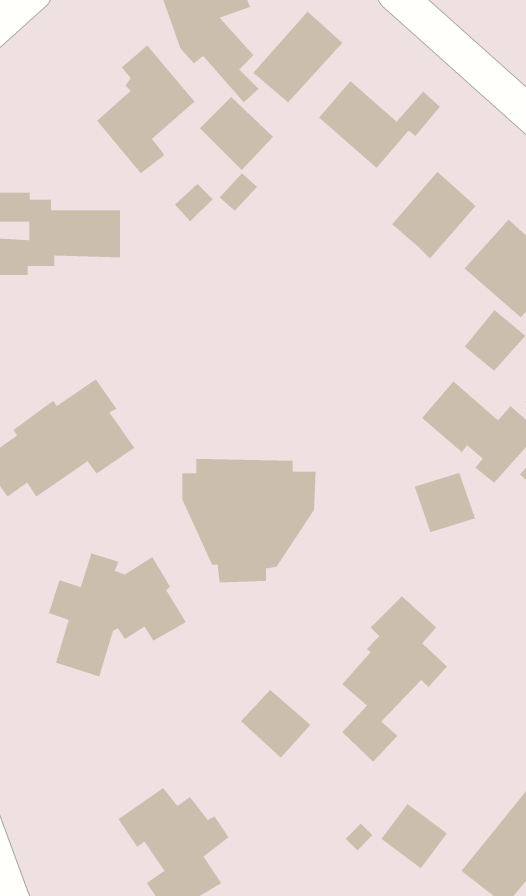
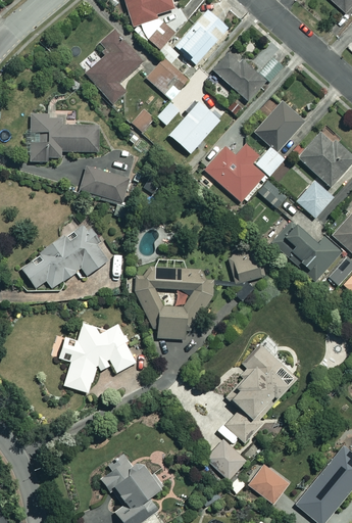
building: none -> [168,101,218,152]
building: none -> [204,144,284,201]
building: none -> [80,165,130,202]
building: [414,472,476,533] -> [227,249,262,284]
building: [240,689,311,758] -> [204,439,245,479]

